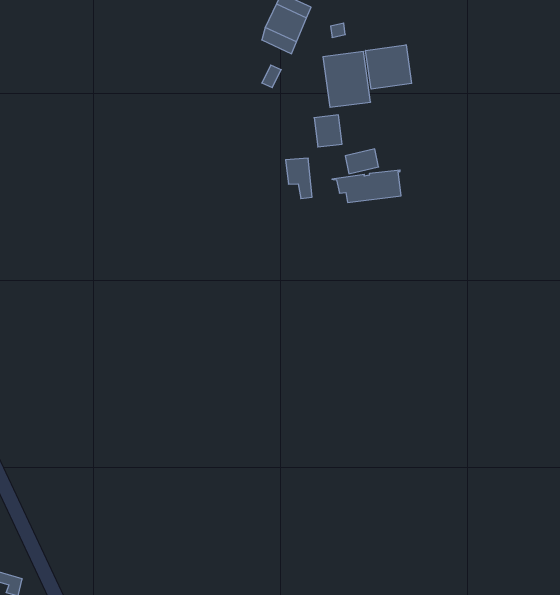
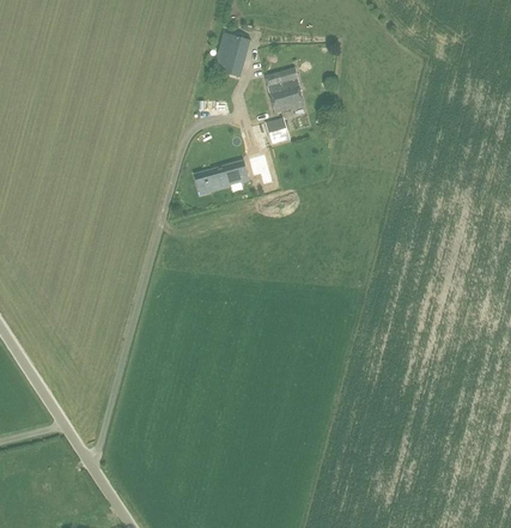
building: [366,45,412,89] -> none
building: [332,170,401,202] -> [193,159,247,189]

